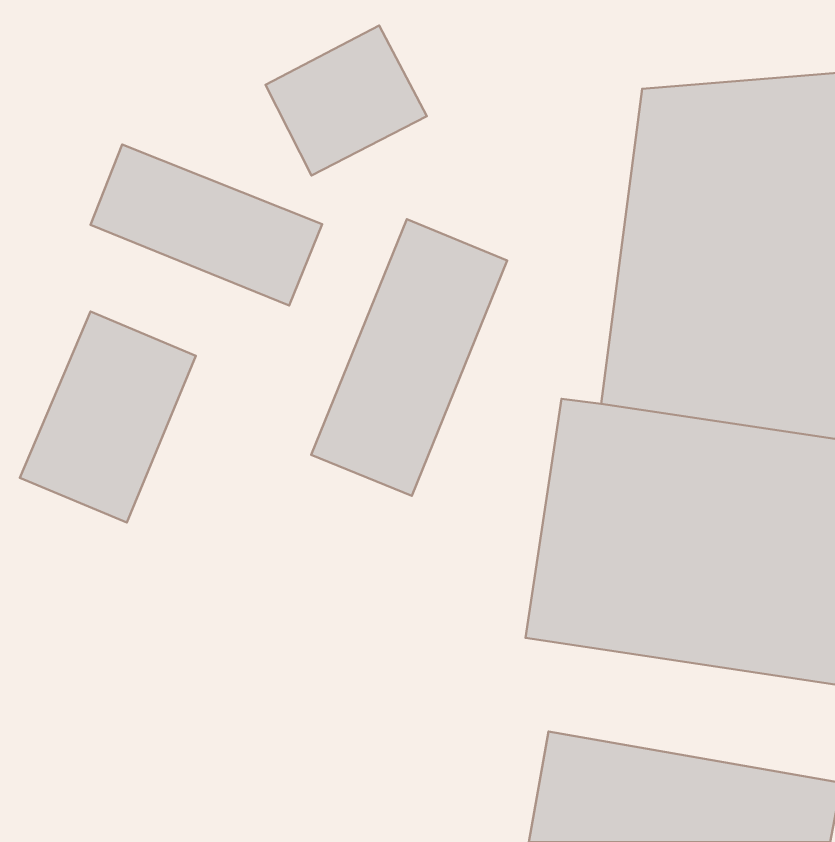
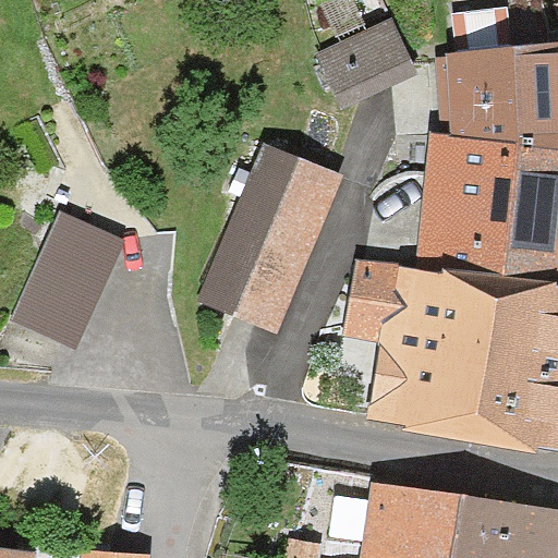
building: [265,26,427,176] -> [308,13,415,112]
building: [90,144,322,306] -> none

